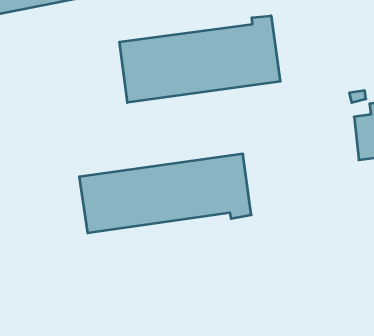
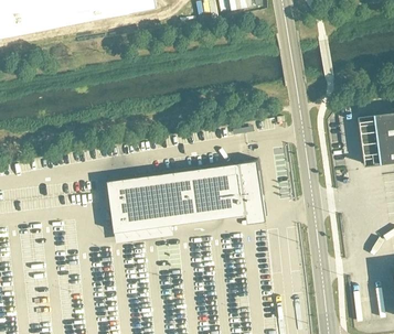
building: [120,16,280,103] -> none

